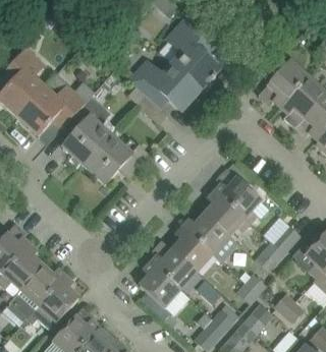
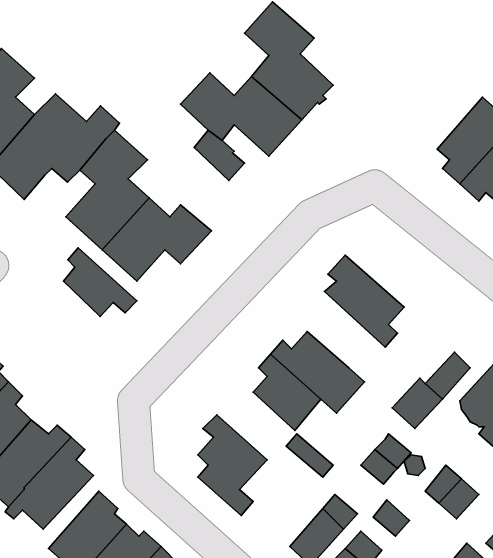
building: [258,60,307,107] -> none
building: none -> [63,248,137,316]
building: [204,190,250,235] -> none
building: [151,240,197,289] -> none

